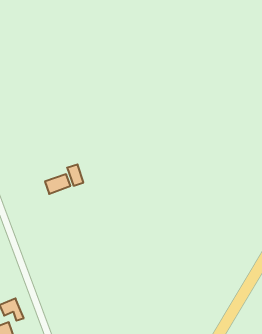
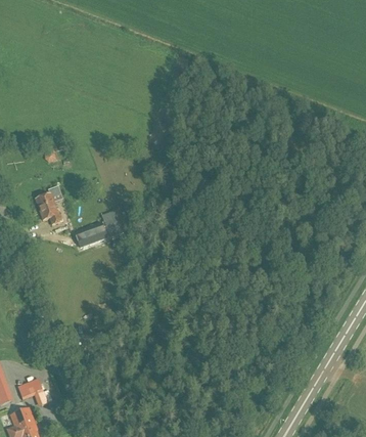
building: none -> [35,192,61,223]

